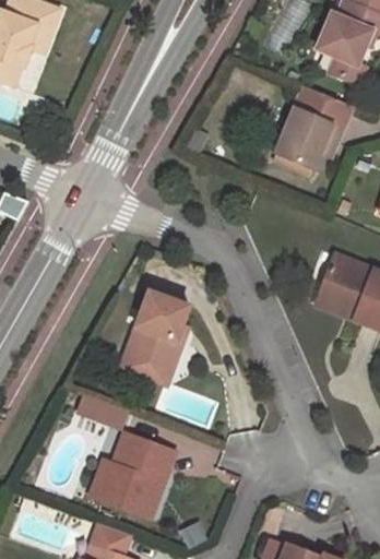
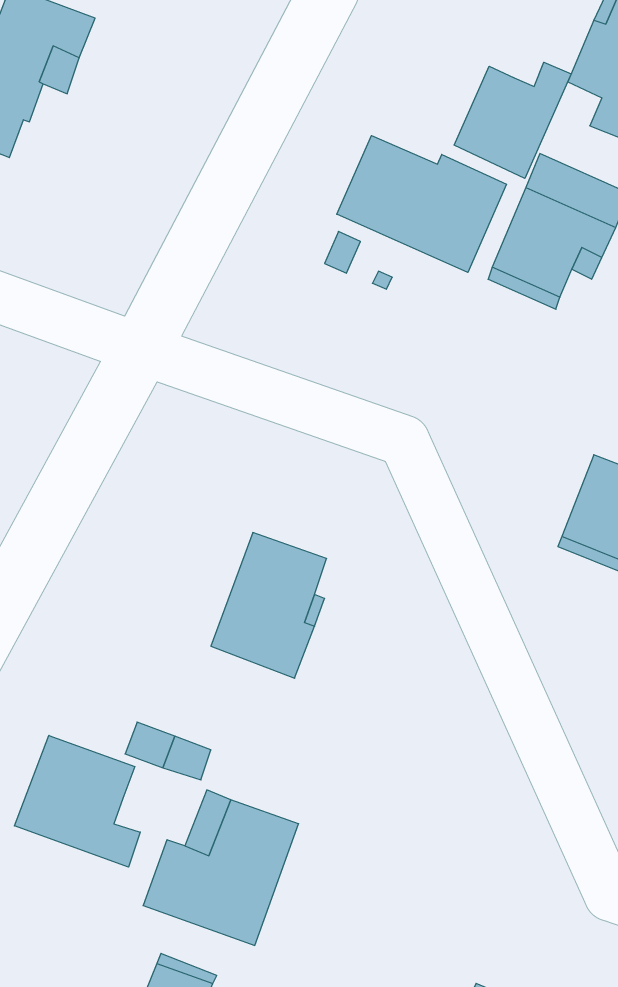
building: none -> [454,62,571,178]
building: none -> [337,136,507,272]
building: none -> [14,735,140,867]

